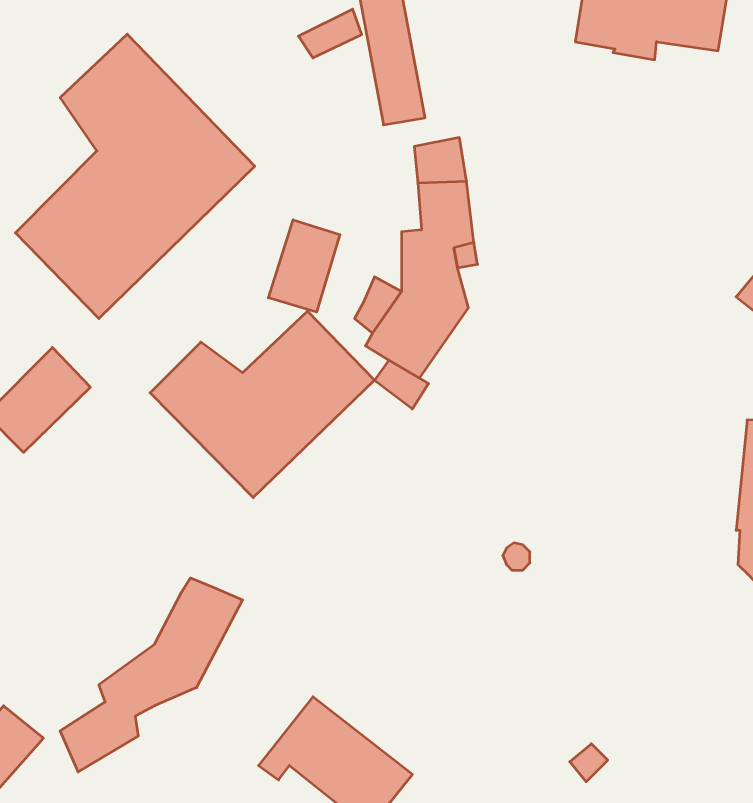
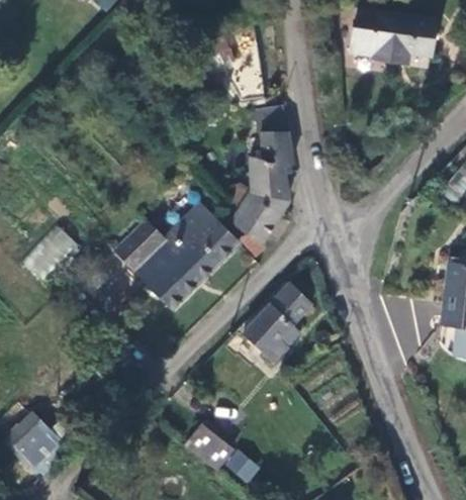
building: [15,34,255,319] -> none
building: [268,220,340,312] -> none
building: none -> [242,285,310,364]
building: [60,578,243,772] -> none

